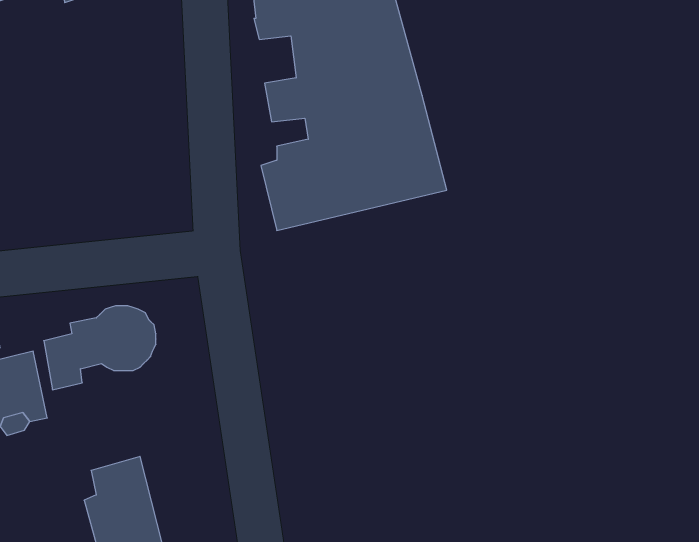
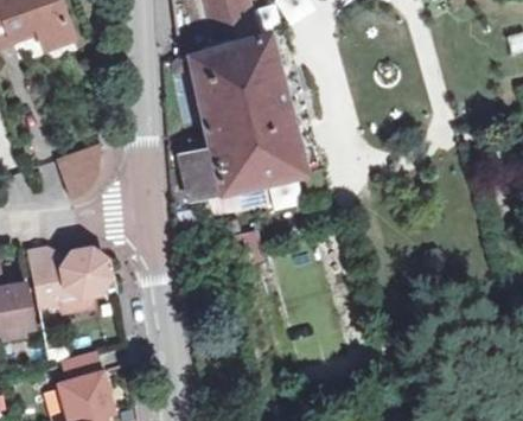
building: none -> [59,143,102,199]

